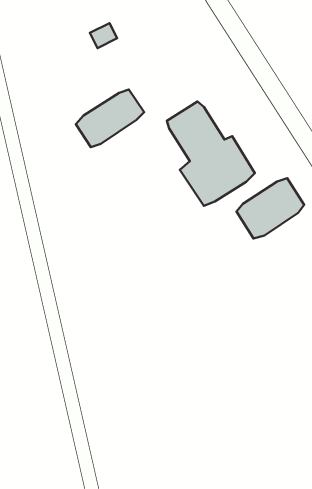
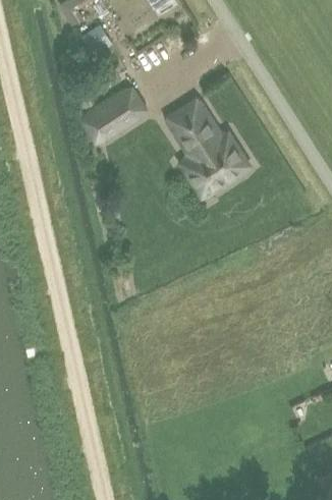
building: [236,178,304,238] -> none

